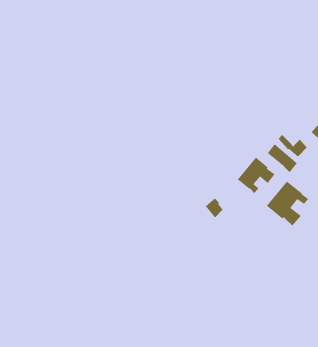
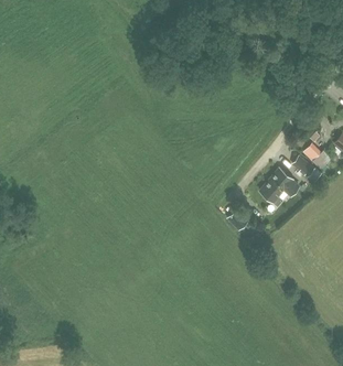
building: [266,180,309,226] -> none

